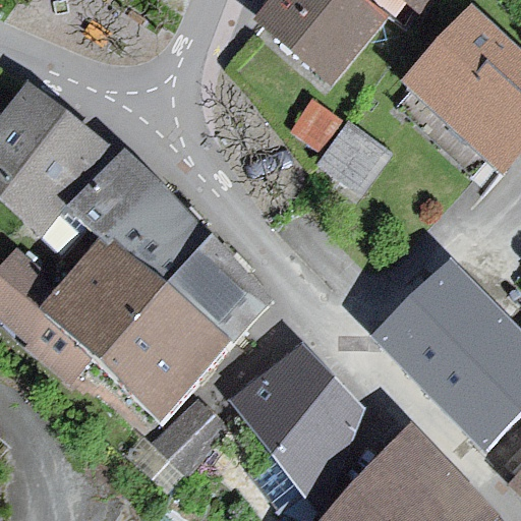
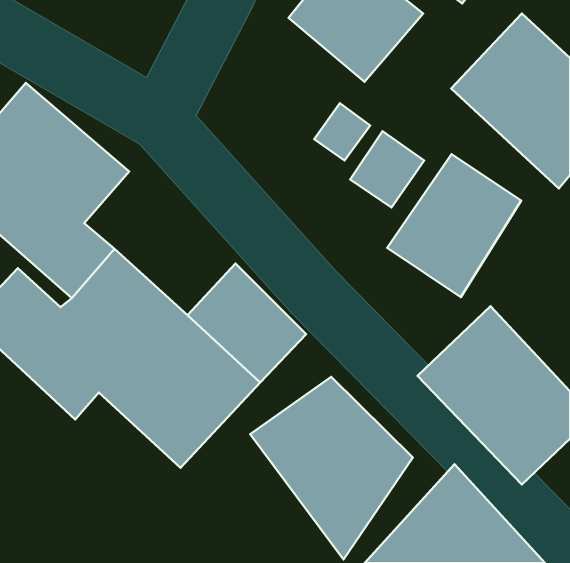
building: none -> [387,154,521,297]
building: [76,156,214,286] -> none

